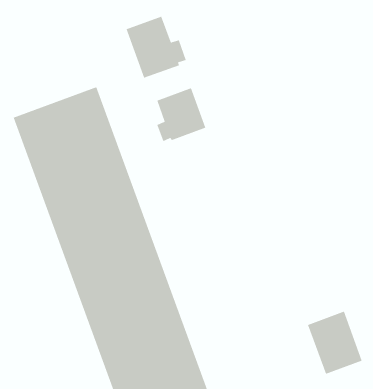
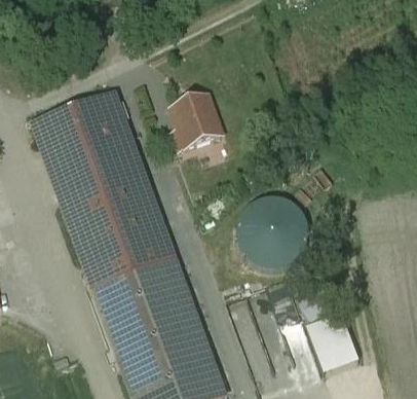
building: [126,16,187,79] -> none
building: none -> [238,195,306,262]

